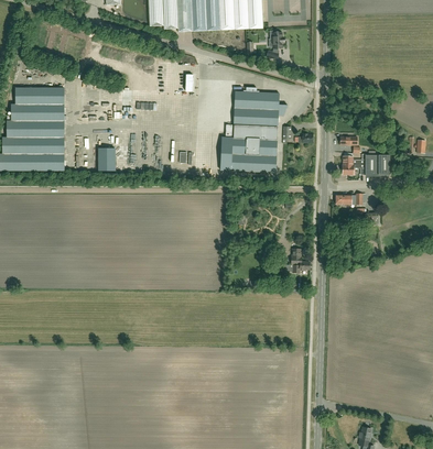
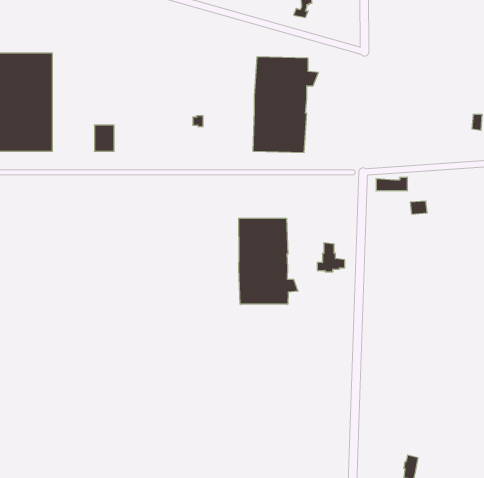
building: [343,153,390,174] -> none
building: none -> [239,218,298,304]

